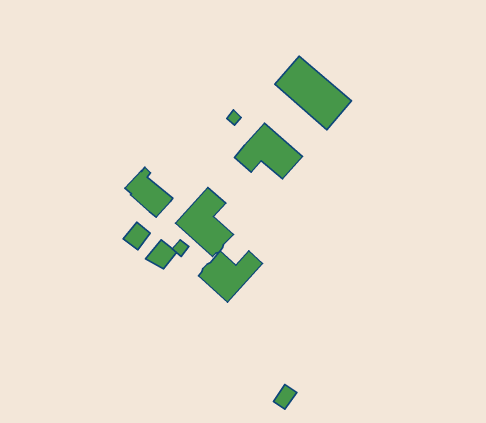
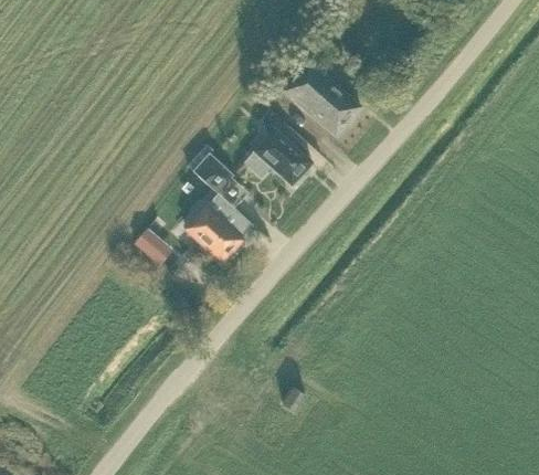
building: [125,167,173,217] -> [187,144,234,193]
building: [198,251,262,302] -> none

